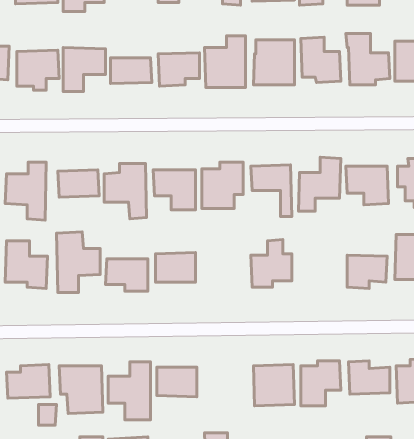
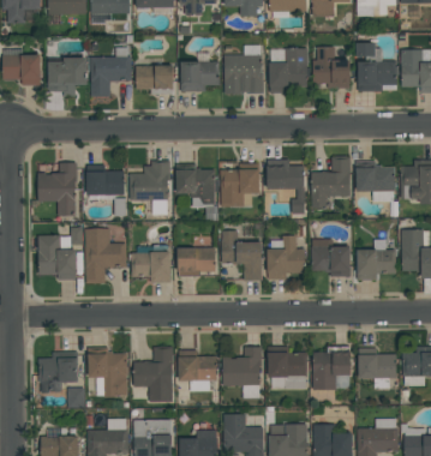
building: none -> [221,232,262,281]
building: none -> [311,240,351,277]
building: none -> [222,347,261,400]

